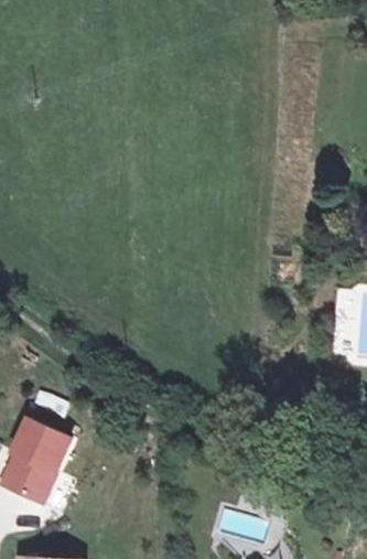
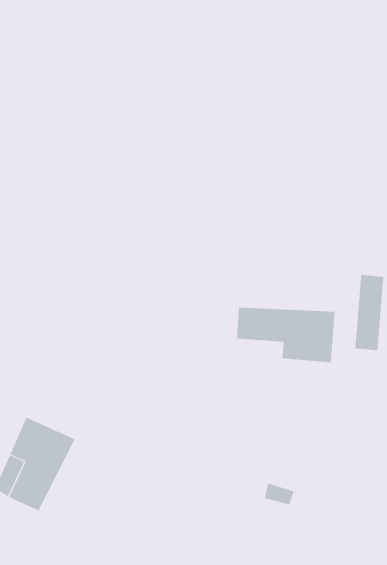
building: none -> [236,307,335,363]

